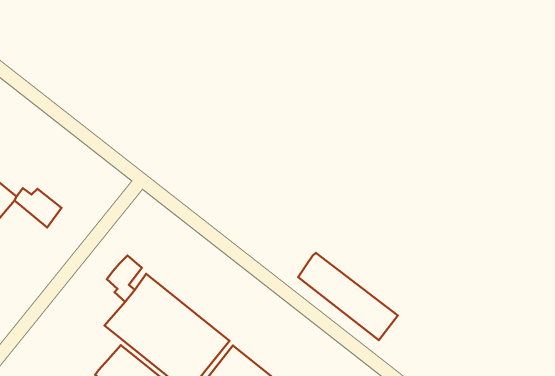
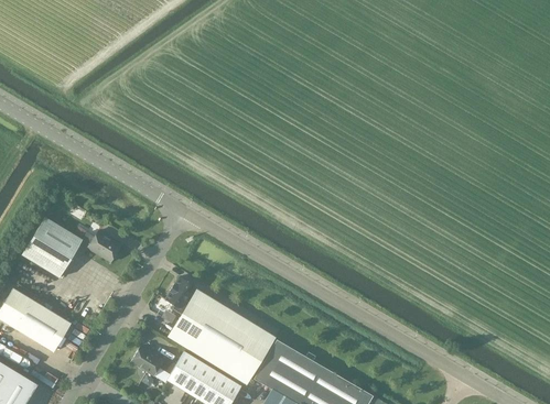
building: [298,253,398,340] -> none
building: none -> [130,346,175,375]

